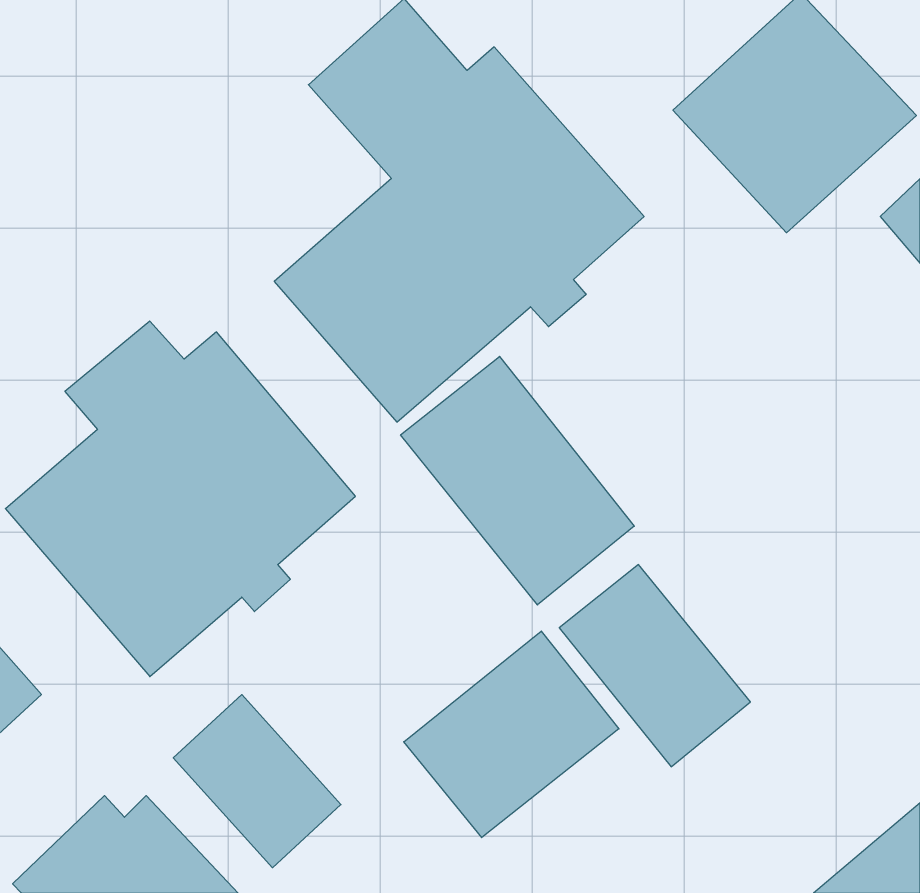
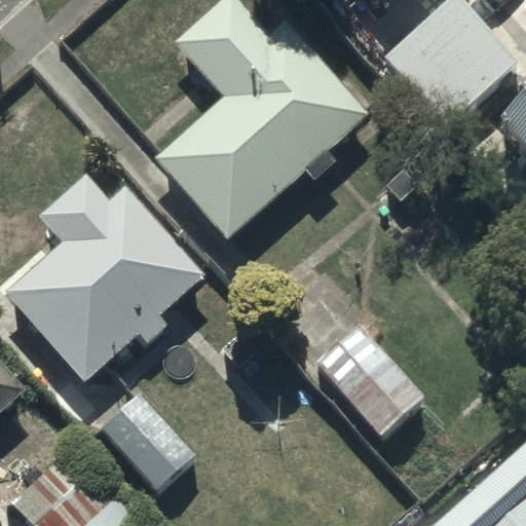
building: [401,356,634,605] -> none
building: [404,631,619,838] -> none

